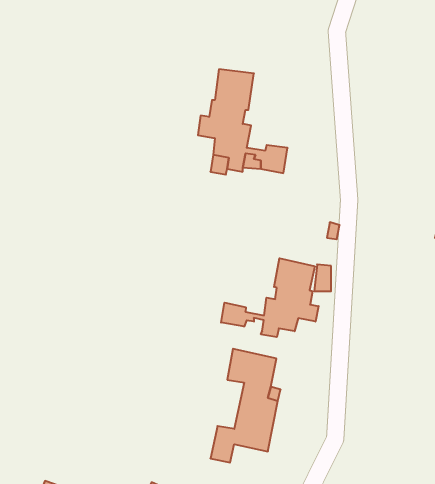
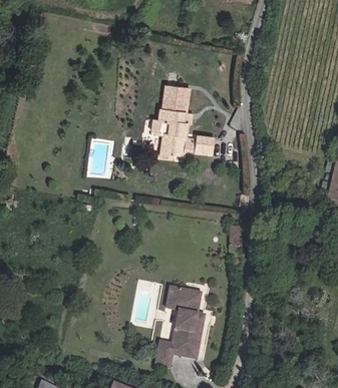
building: [221,258,319,337] -> none

